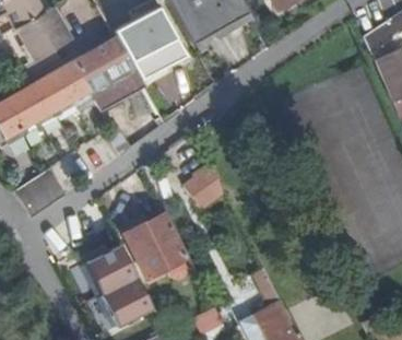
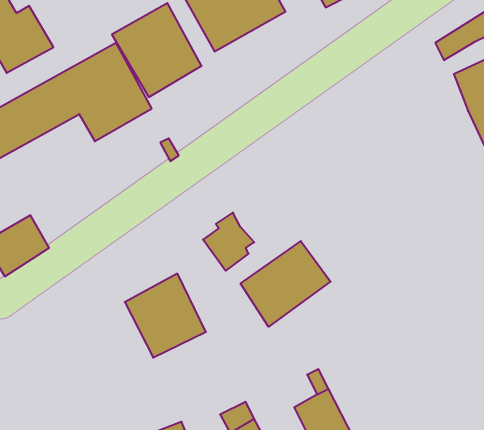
building: none -> [241,241,331,327]
building: [78,233,155,325] -> none

